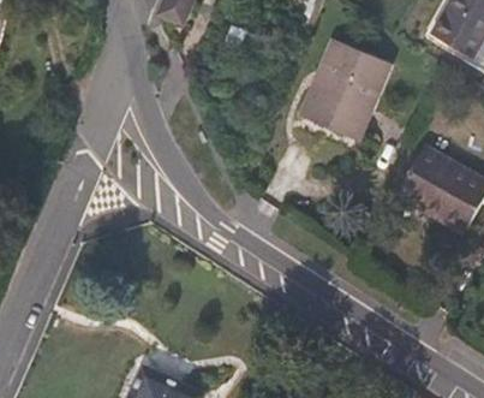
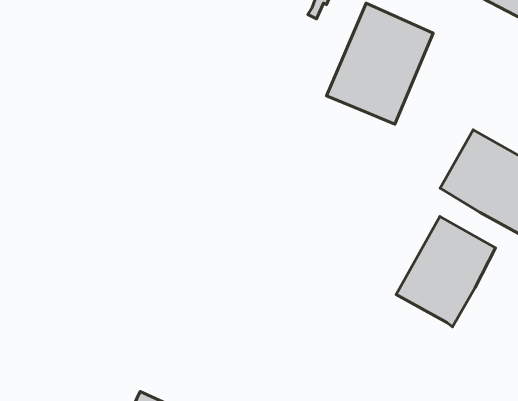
building: none -> [396,217,496,327]

